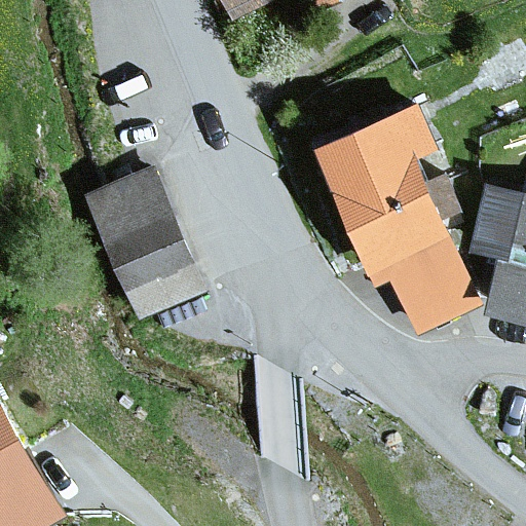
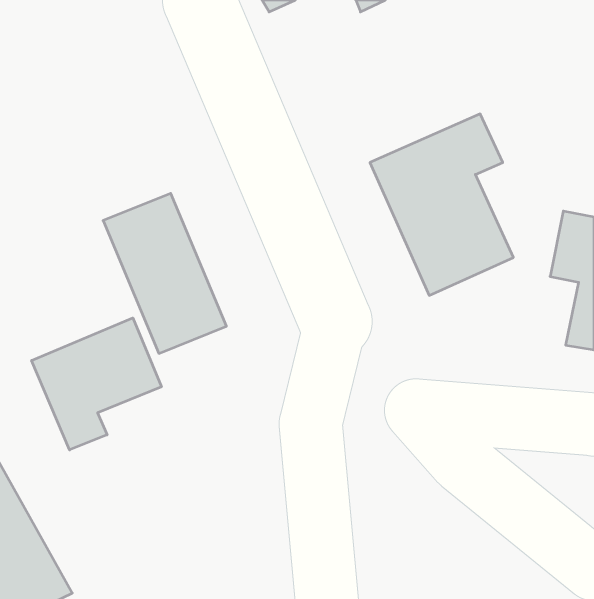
building: [372,229,477,329] -> none
building: none -> [32,318,161,450]

